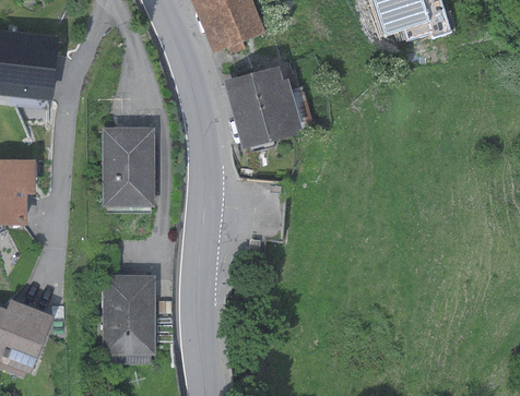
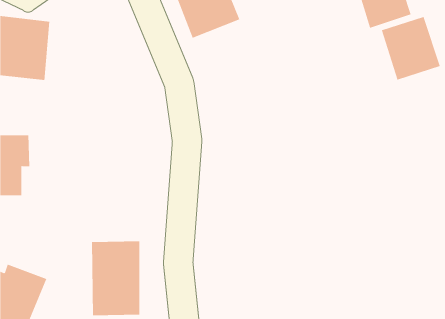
building: none -> [381,16,441,81]
building: [223,65,303,149] -> none
building: [102,128,155,208] -> none

